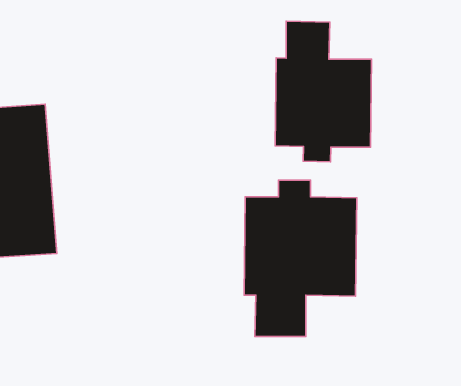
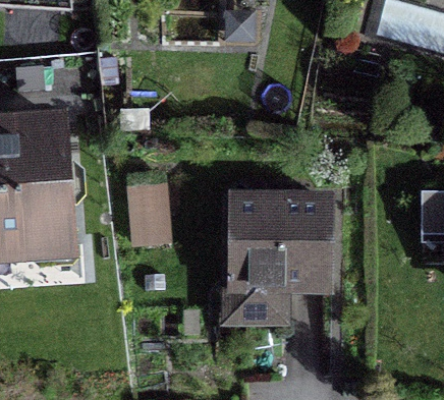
building: [275,21,371,162] -> none

